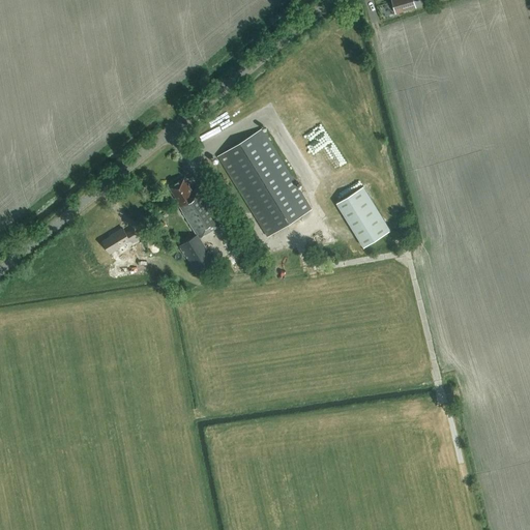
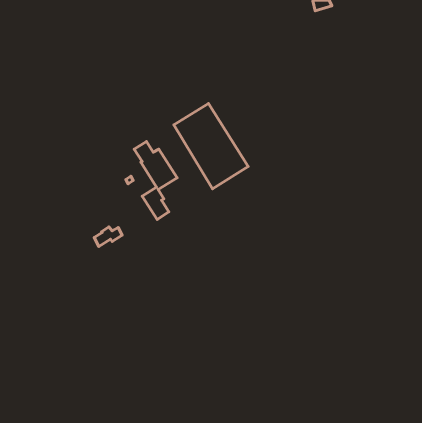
building: [335,186,389,246] -> none
building: [102,228,138,253] -> [94,227,122,247]

